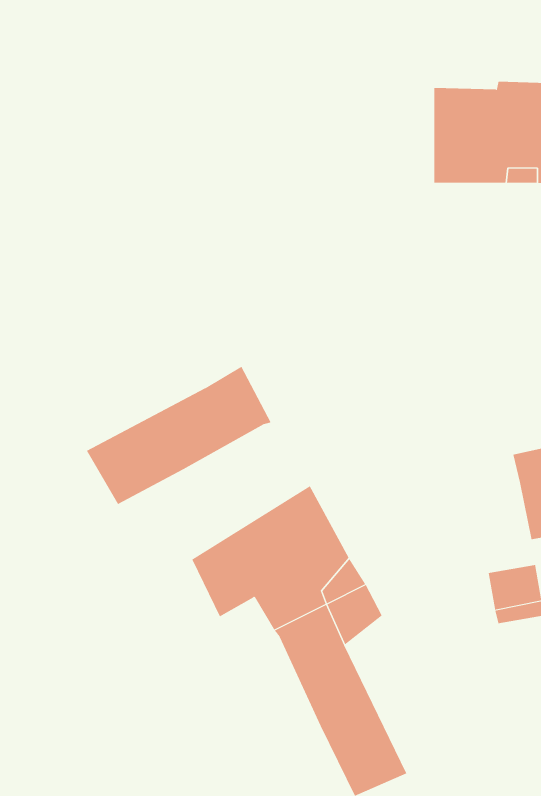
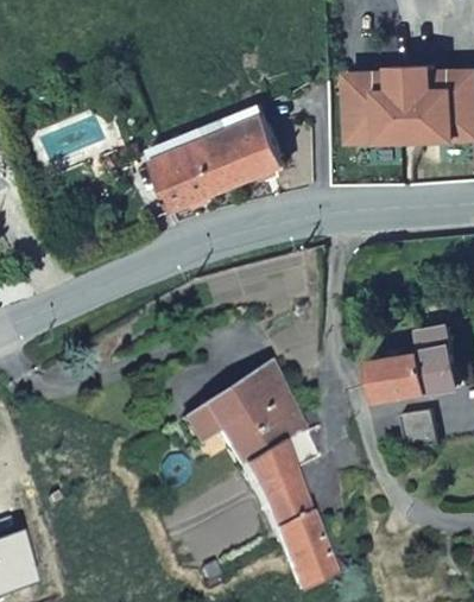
building: none -> [157,95,292,202]
building: [86,366,271,505] -> none
building: none -> [369,356,426,408]

